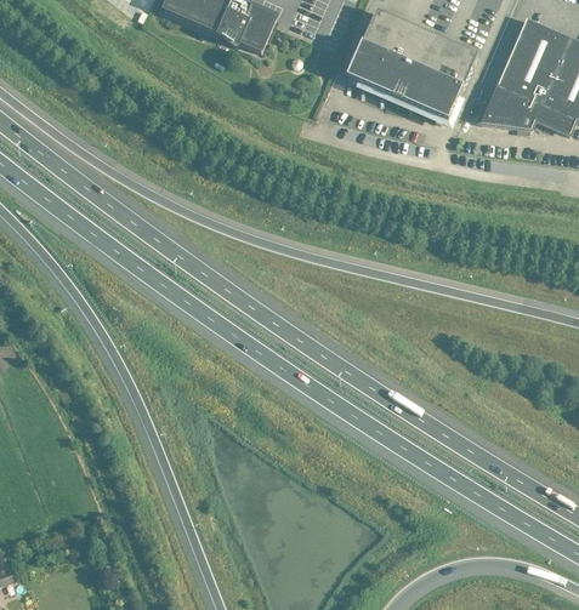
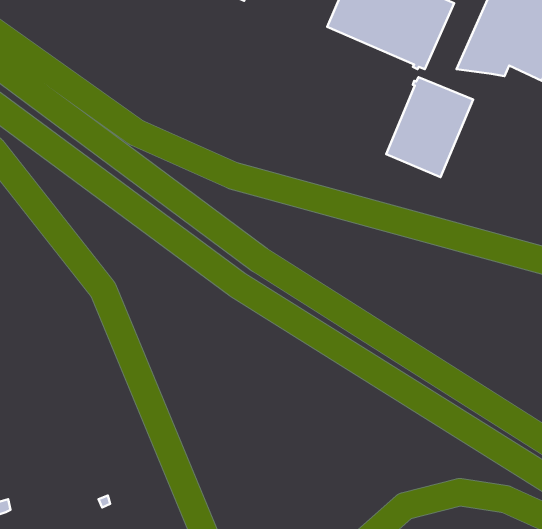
building: none -> [386,77,473,177]

